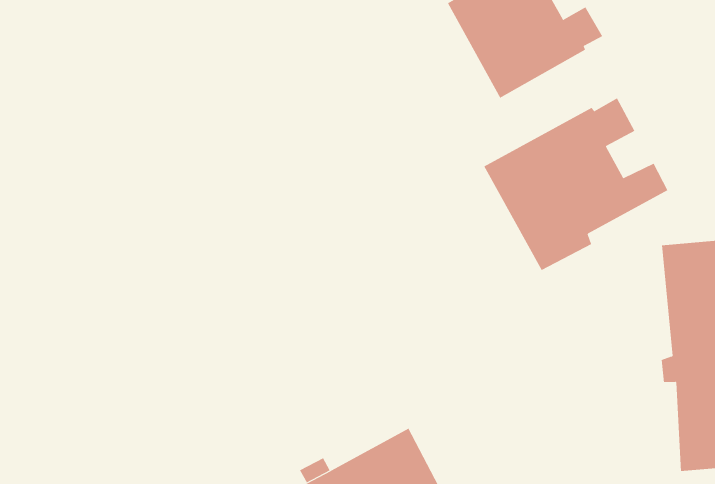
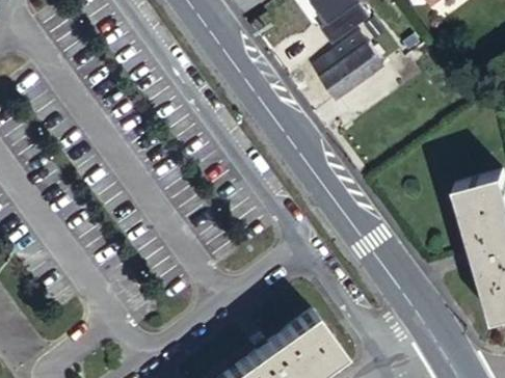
building: [483,98,668,271] -> none

